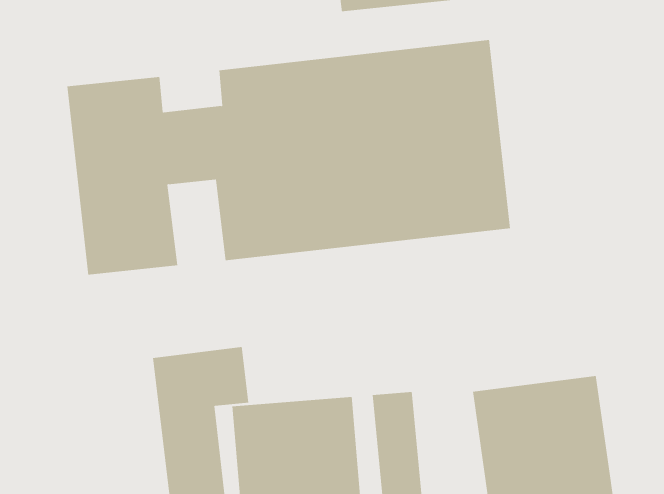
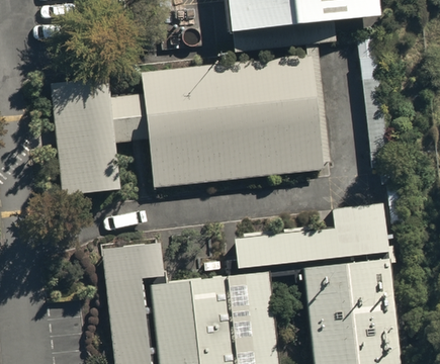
building: none -> [235,221,384,264]

